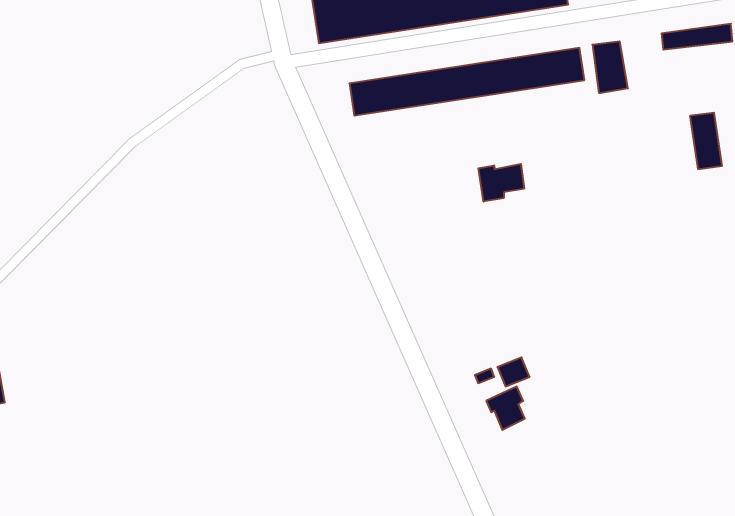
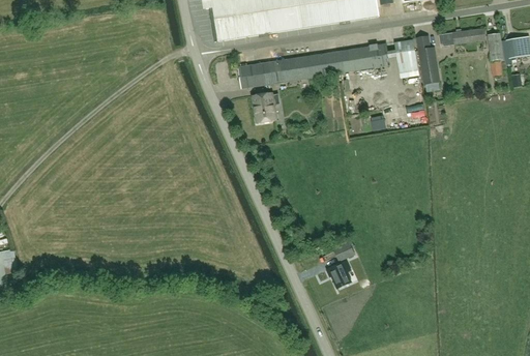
building: [690,113,722,169] -> [418,47,439,83]
building: none -> [253,93,278,123]
building: [478,164,524,202] -> none

